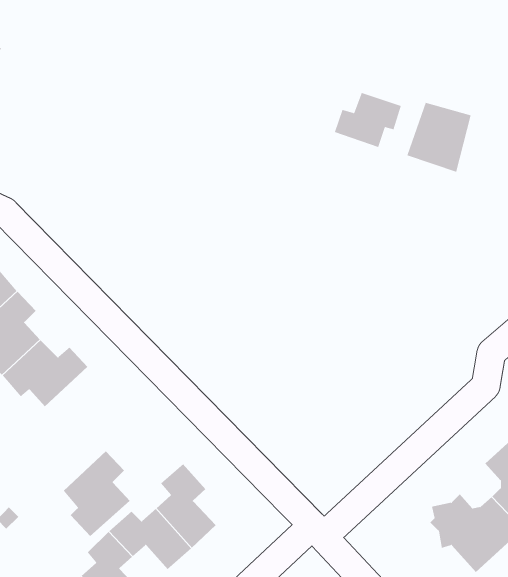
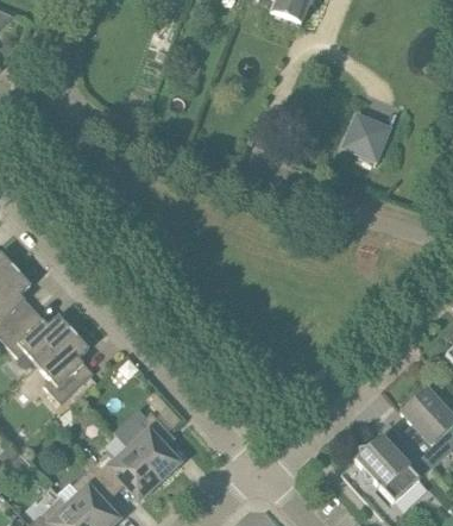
building: [334,92,401,148] -> none
building: [63,450,130,537] -> [38,331,94,402]

